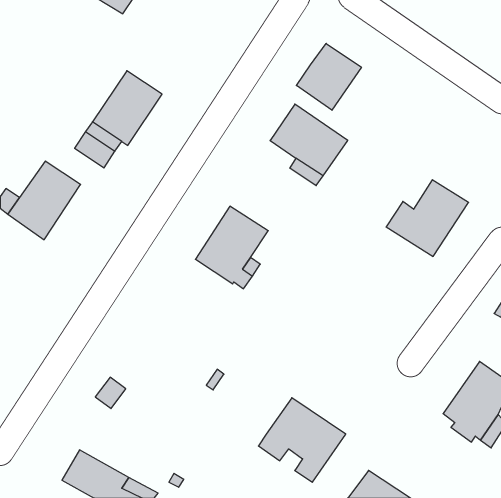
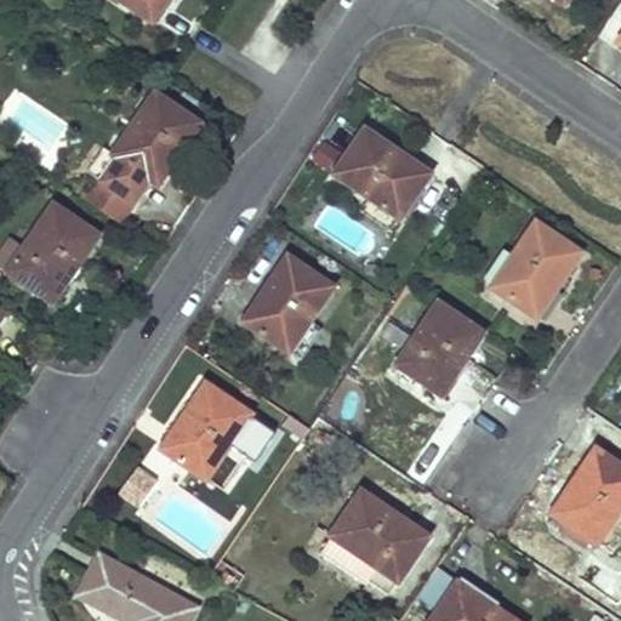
building: [296,43,361,110] -> none
building: none -> [395,303,483,394]
building: none -> [164,384,252,488]

